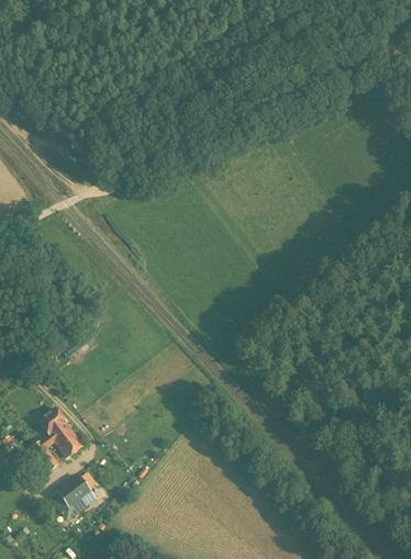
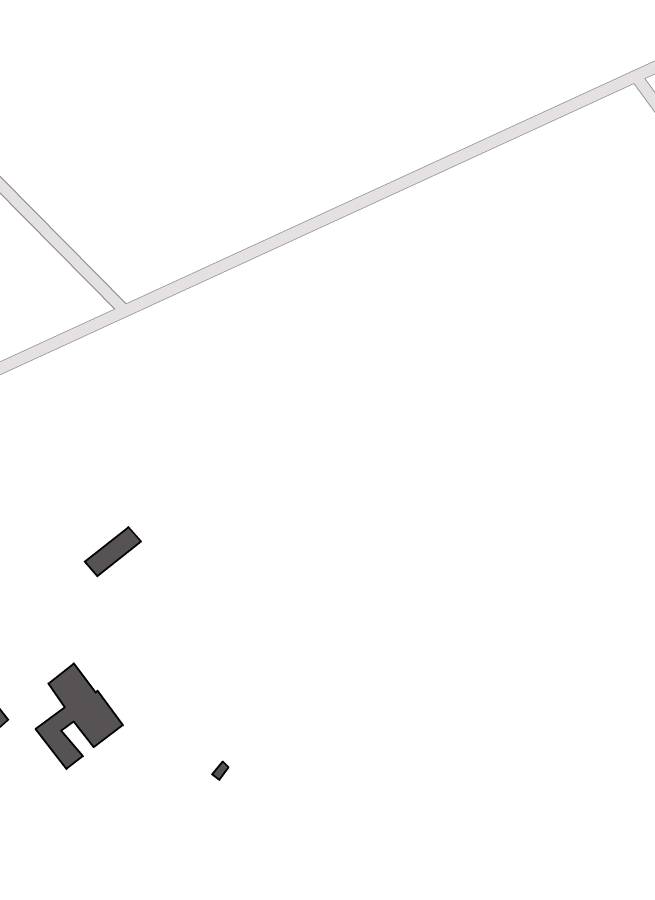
building: [47,472,96,521] -> none

